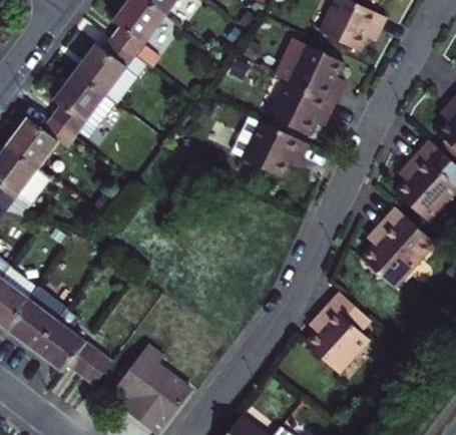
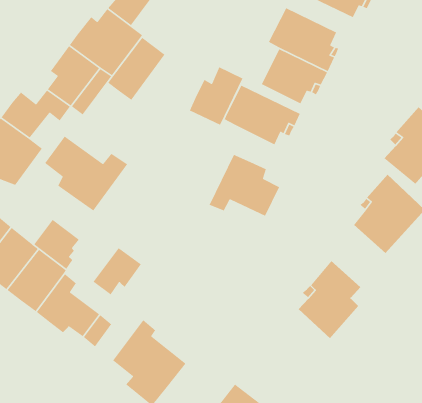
building: none -> [107,37,165,101]
building: none -> [189,66,244,126]
building: none -> [44,135,128,211]
building: none -> [209,154,280,217]
building: none -> [33,219,80,270]
building: none -> [93,247,142,295]

